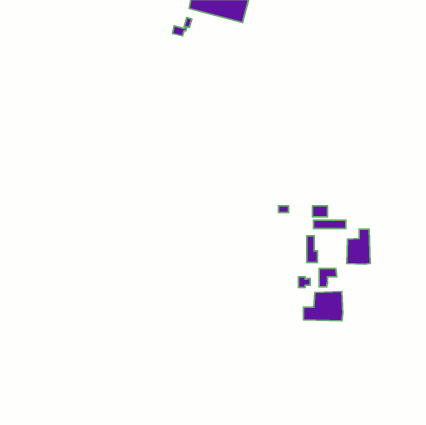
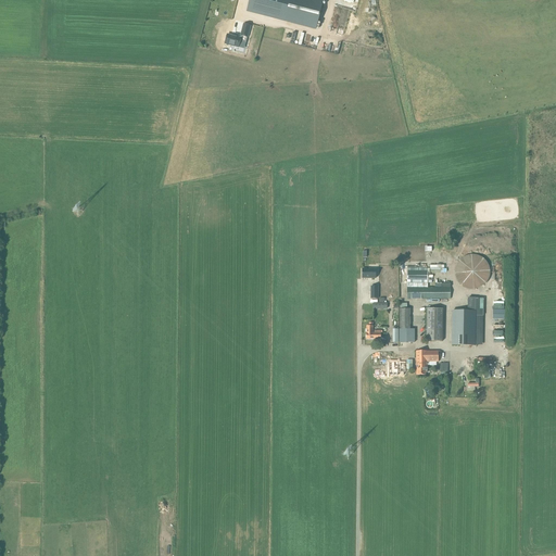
building: none -> [455,254,490,288]
building: none -> [426,307,443,340]
building: [304,292,343,321] -> none

